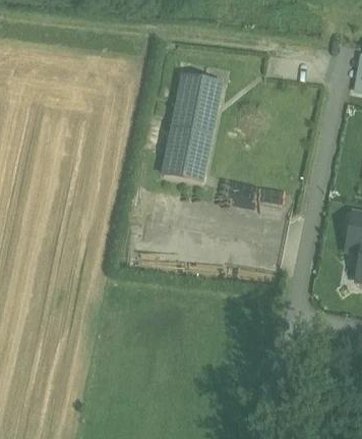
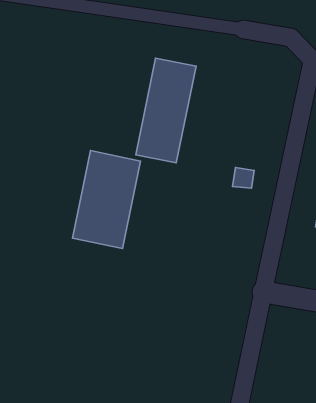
building: none -> [73,151,140,249]

